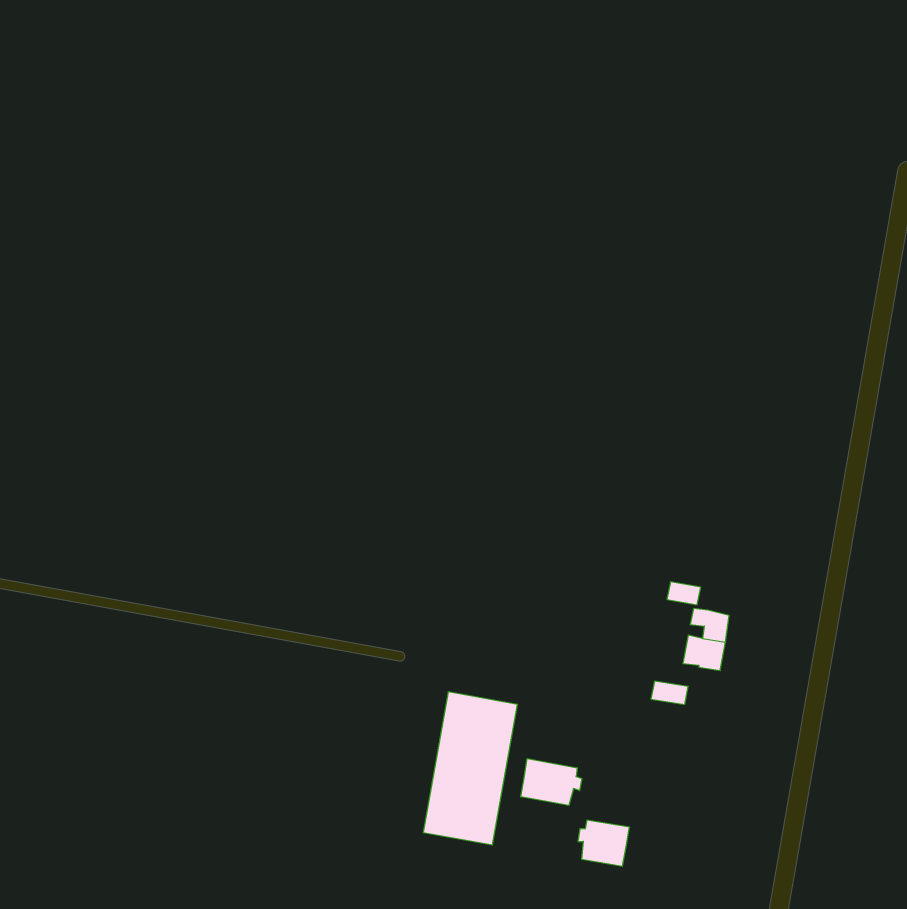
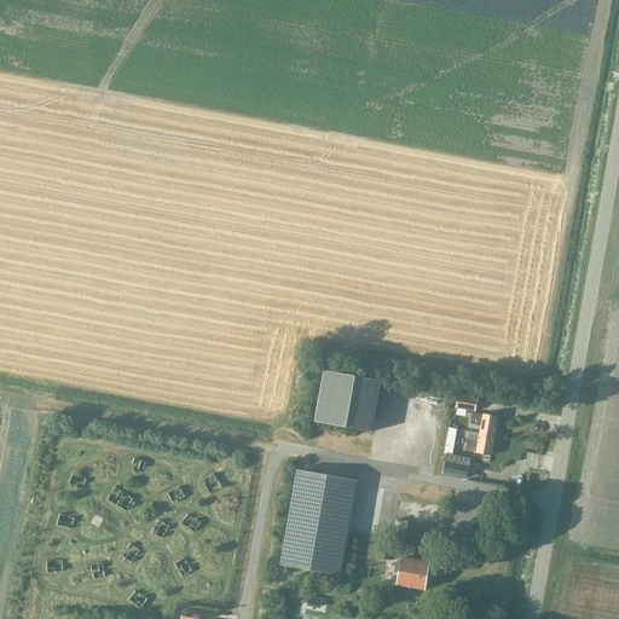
building: none -> [313,370,381,432]
building: [521,759,582,805] -> none

